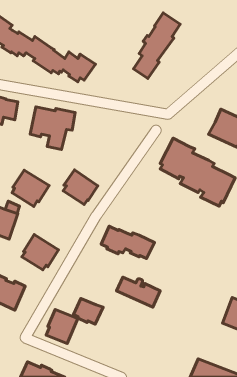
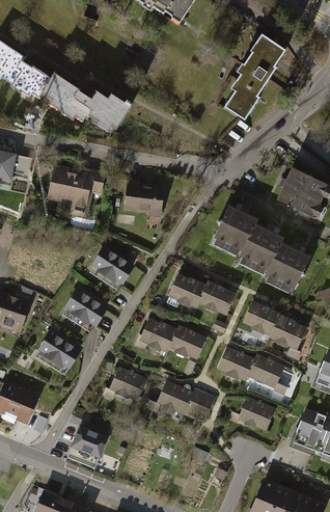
building: [133,13,180,78] -> [225,35,285,119]
building: none -> [122,177,163,217]
building: [12,170,49,207] -> [61,285,109,331]
building: none -> [166,271,235,314]
building: none -> [241,296,306,358]
building: none -> [216,345,287,396]
building: none -> [228,397,274,429]
building: [73,298,103,324] -> [108,367,146,400]

